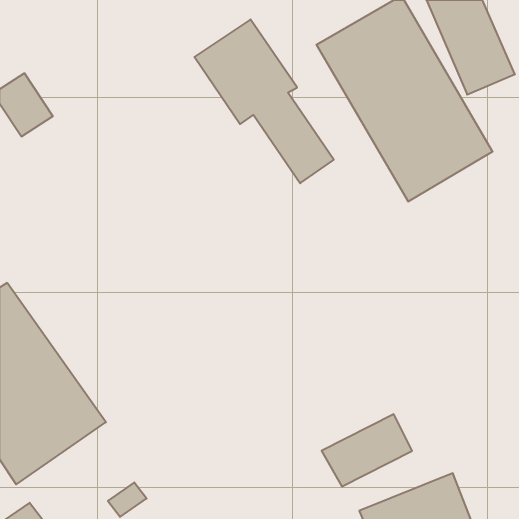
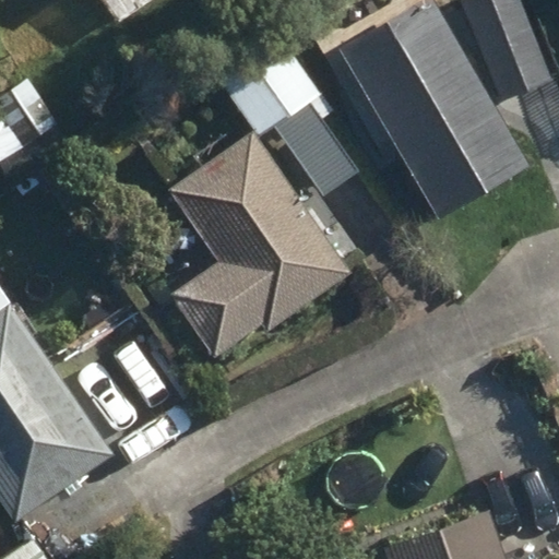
building: none -> [174,138,347,356]

